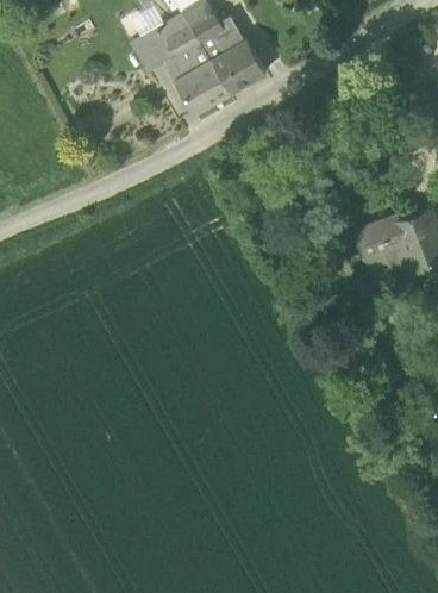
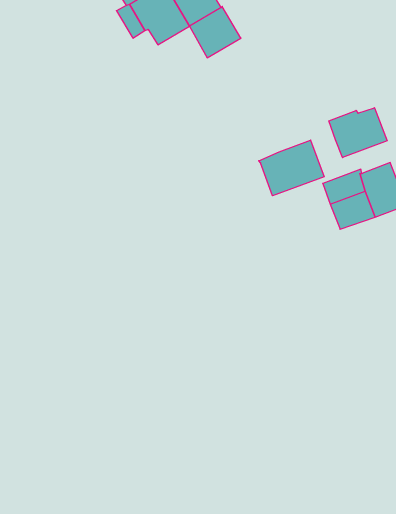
building: [176,60,231,114] -> none
building: none -> [329,108,387,158]
building: none -> [259,140,324,196]

